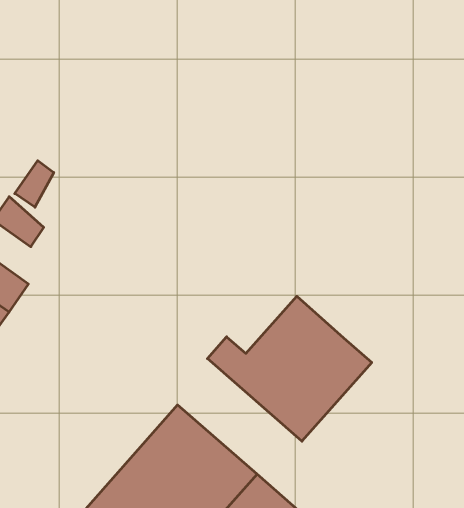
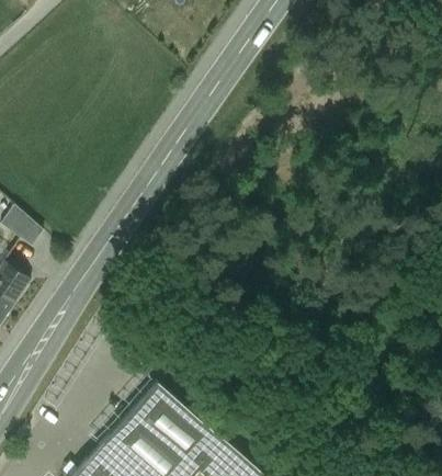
building: [15,161,54,207] -> none
building: [207,296,372,441] -> none

